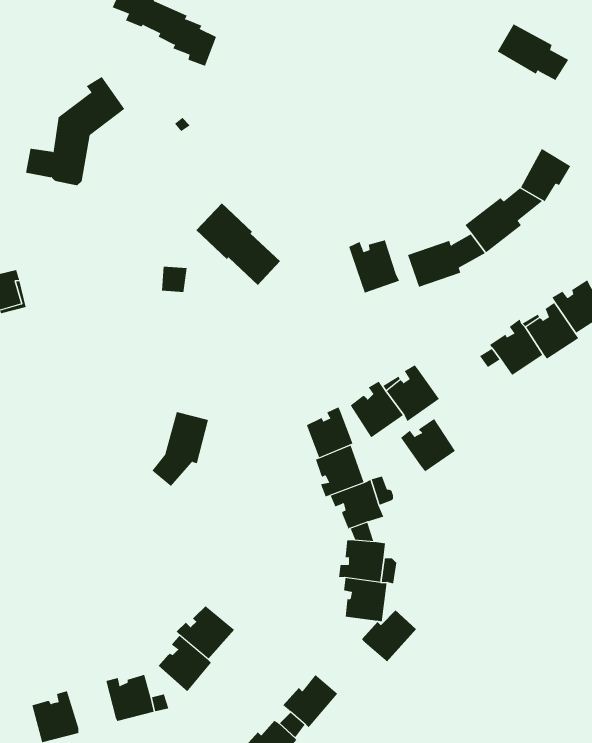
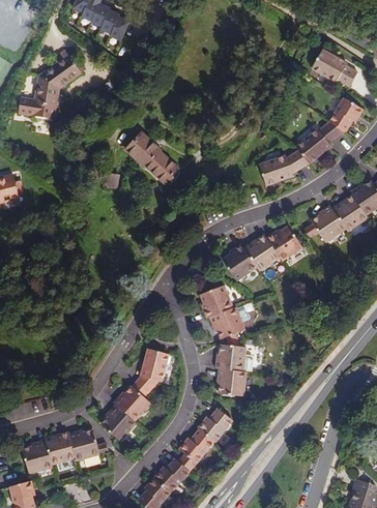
building: [497,24,569,81] -> [311,50,356,86]
building: [348,239,400,294] -> none
building: [306,407,353,458] -> none
building: [151,412,209,487] -> [130,349,167,396]
building: [400,418,456,472] -> [266,226,301,260]
building: [361,610,417,662] -> [198,409,233,442]
building: none -> [44,430,74,464]

